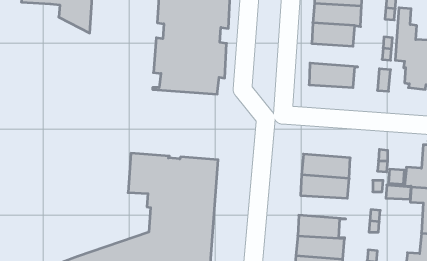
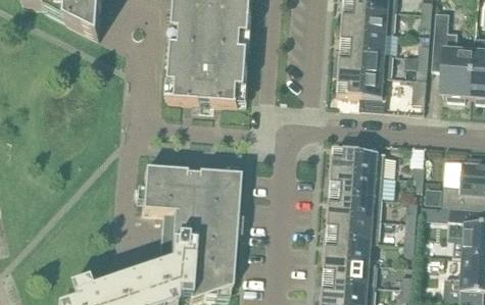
building: none -> [339,50,392,75]
building: none -> [332,148,385,174]
building: none -> [327,215,380,241]

